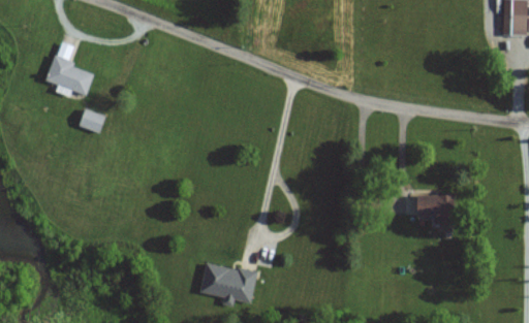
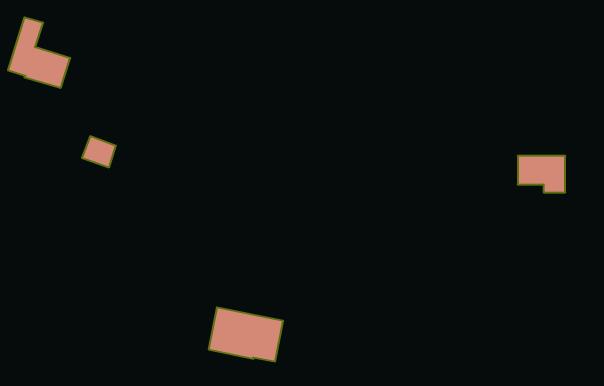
building: [79,108,104,132] -> [82,136,116,167]
building: [416,194,453,222] -> [518,156,565,192]

